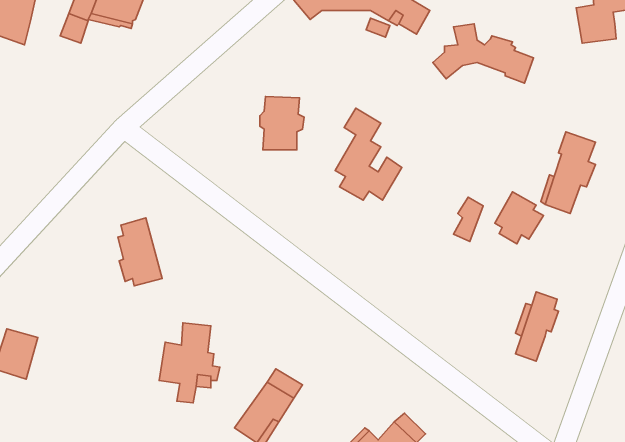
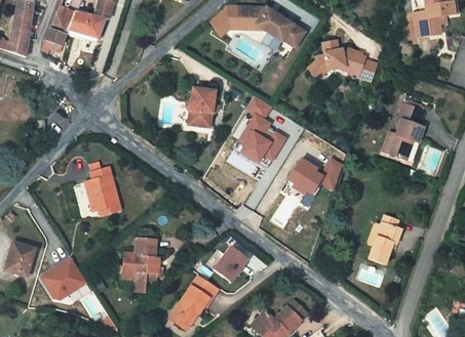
building: [495,192,544,244] -> [290,156,324,192]
building: none -> [215,244,248,279]
building: none -> [42,261,88,303]

